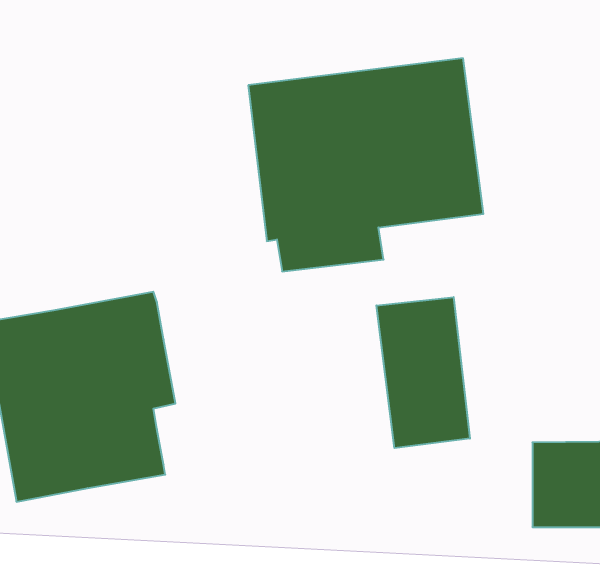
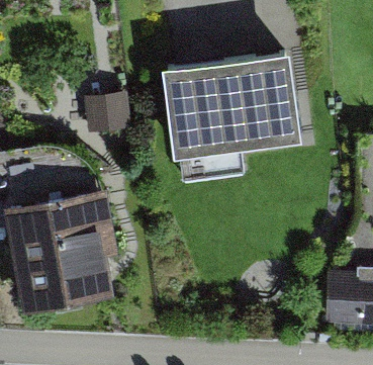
building: [376,297,470,448] -> none

